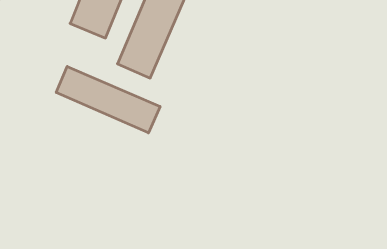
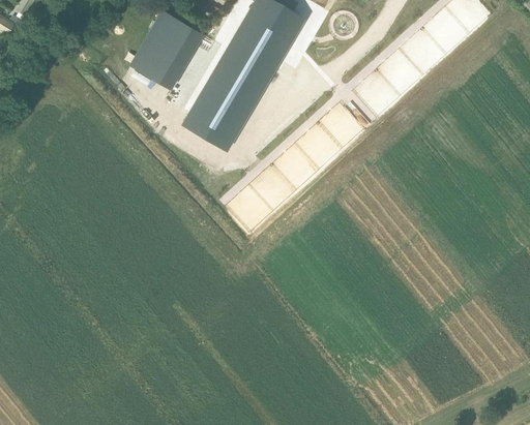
building: [56,66,160,133] -> none

